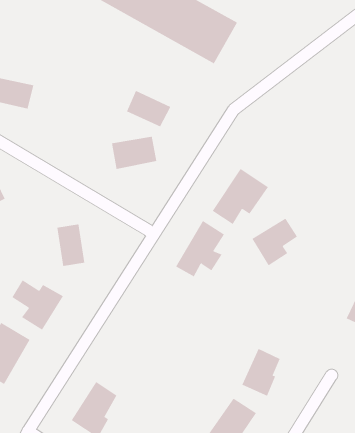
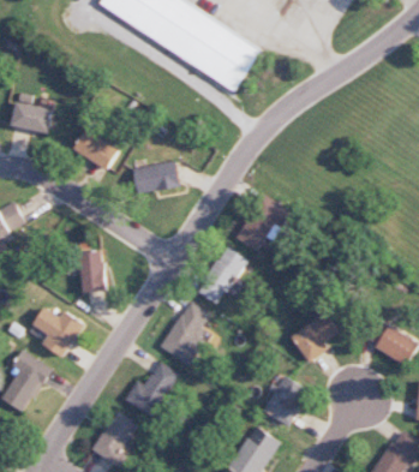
building: [126,90,171,127] -> [73,131,119,168]
building: [252,218,298,266] -> [291,313,337,363]
building: none -> [160,300,215,364]
building: none -> [124,362,179,417]

